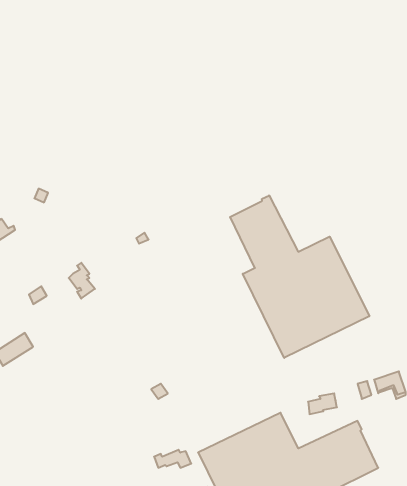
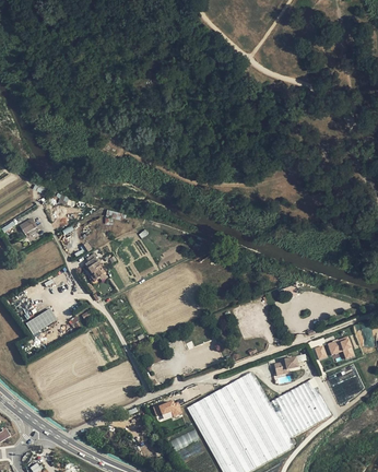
building: [230,195,369,358] -> none

